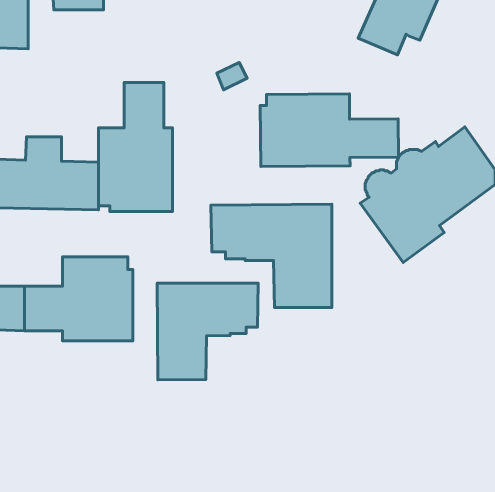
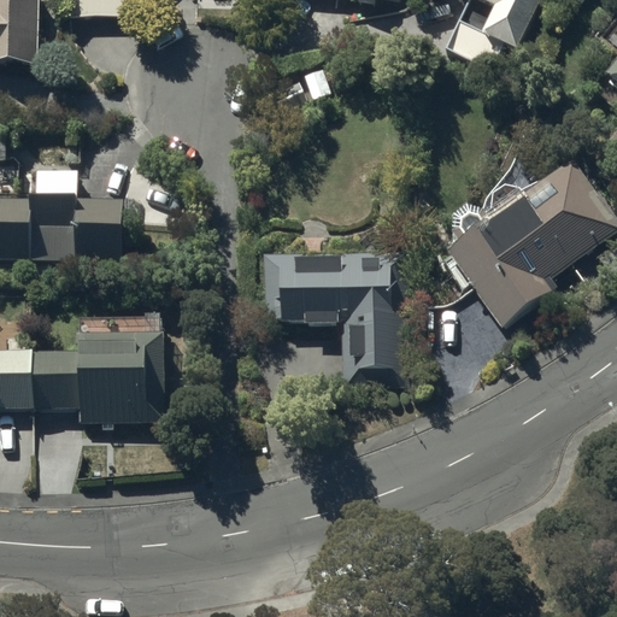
building: [99,82,172,212] -> none
building: [260,94,398,167] -> none
building: [157,283,258,380] -> none

